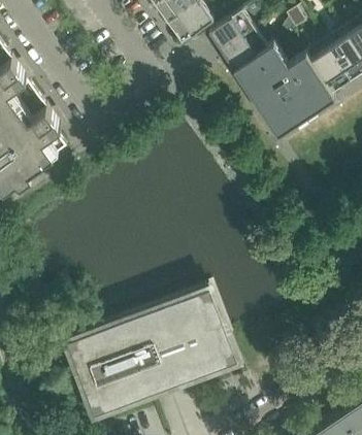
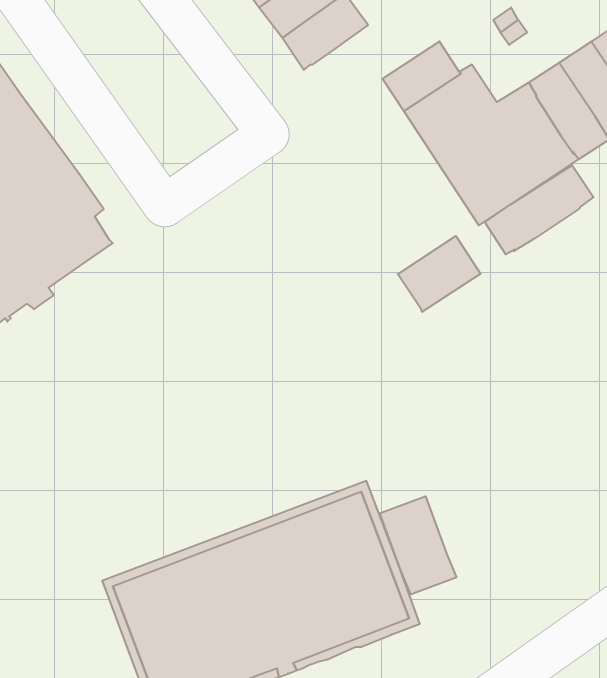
building: [211,10,257,52] -> none
building: none -> [485,165,593,254]
building: none -> [398,236,480,312]
building: none -> [380,496,456,594]

